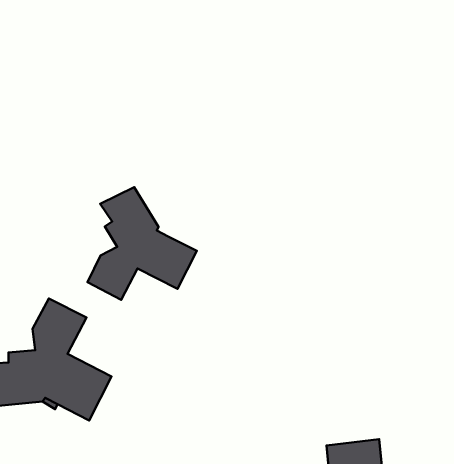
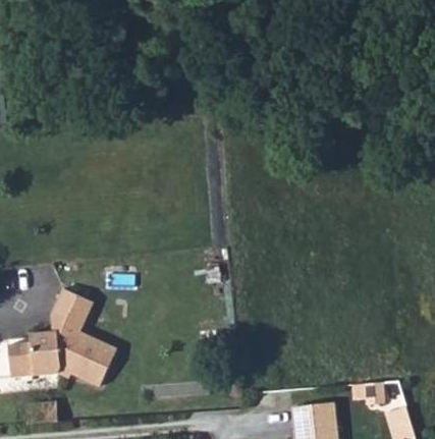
building: [88,187,197,300] -> none

